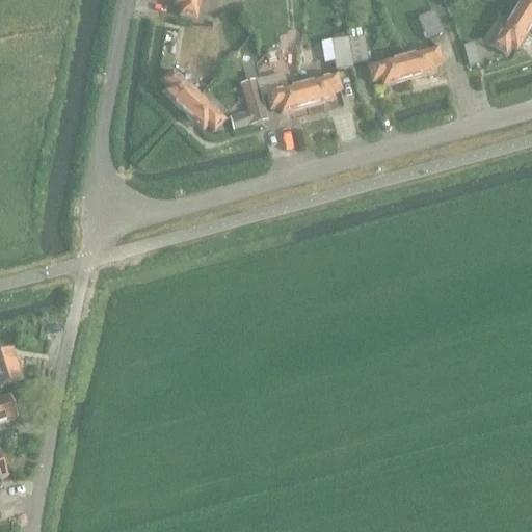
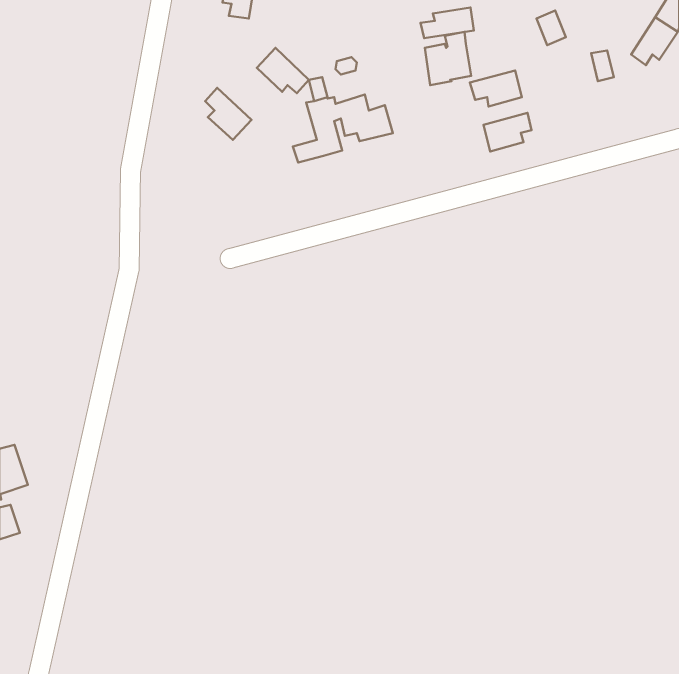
building: none -> [421,7,474,38]
building: [402,46,440,76] -> [483,113,531,152]
building: [300,73,339,104] -> none
building: [182,94,222,129] -> [257,48,309,93]

